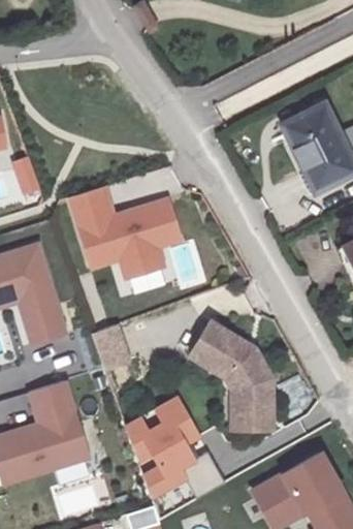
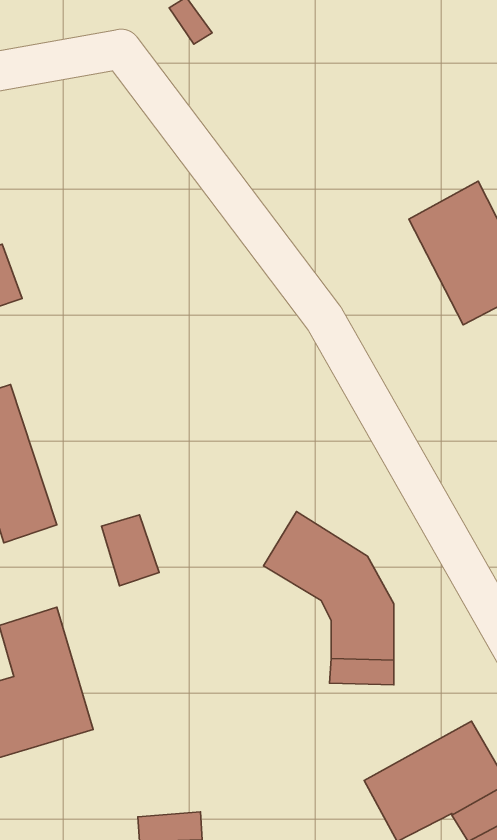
building: [67,187,179,279] -> none
building: [127,399,199,498] -> none

